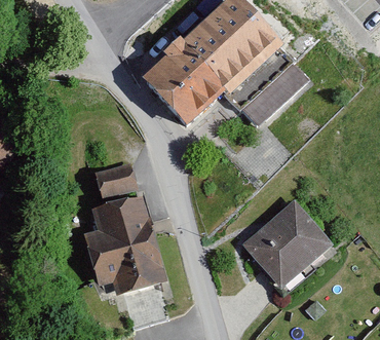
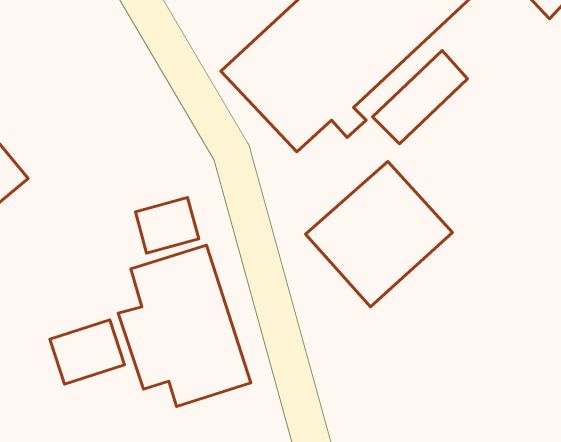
building: [241,199,337,294] -> [306,161,453,307]
building: none -> [50,320,125,384]

